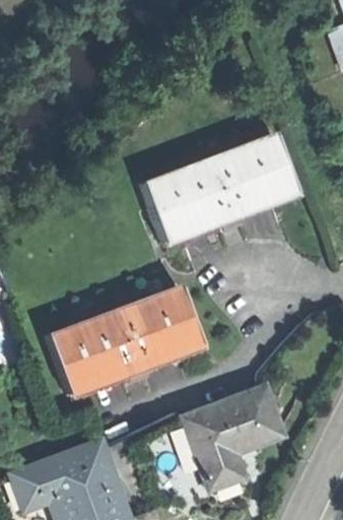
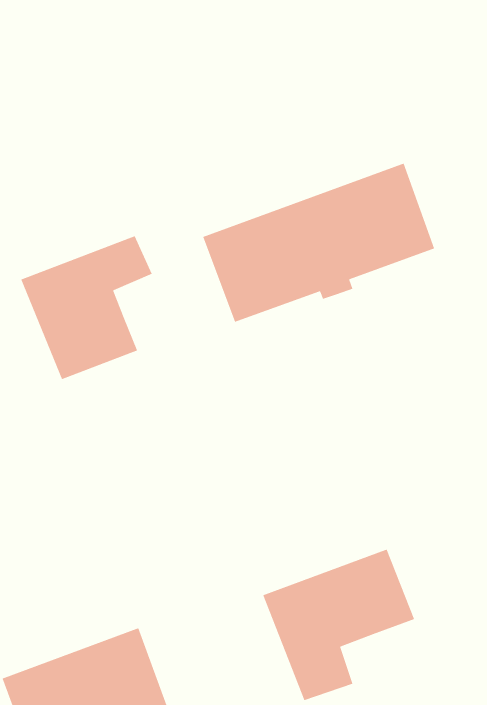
building: none -> [20,235,153,380]
building: [50,283,205,392] -> none

